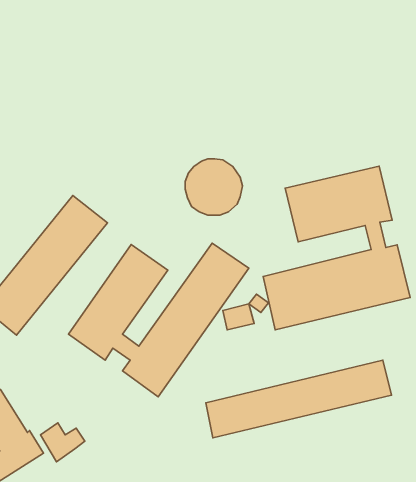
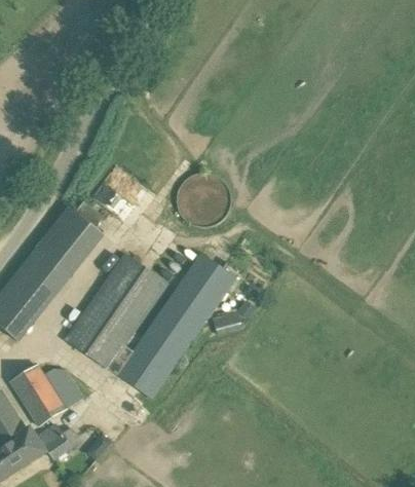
building: [263,166,410,330] -> none
building: [206,360,391,438] -> none
building: none -> [9,364,84,427]

